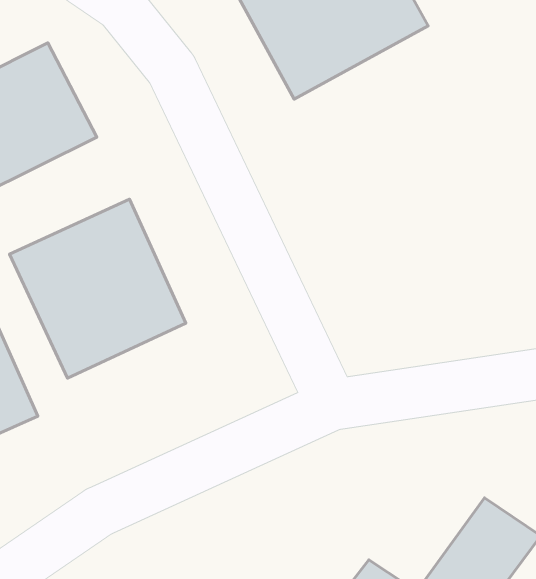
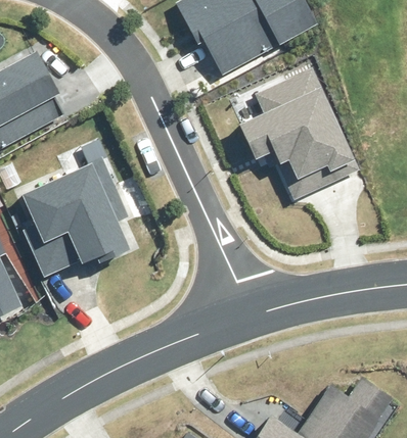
building: none -> [231,78,350,198]

